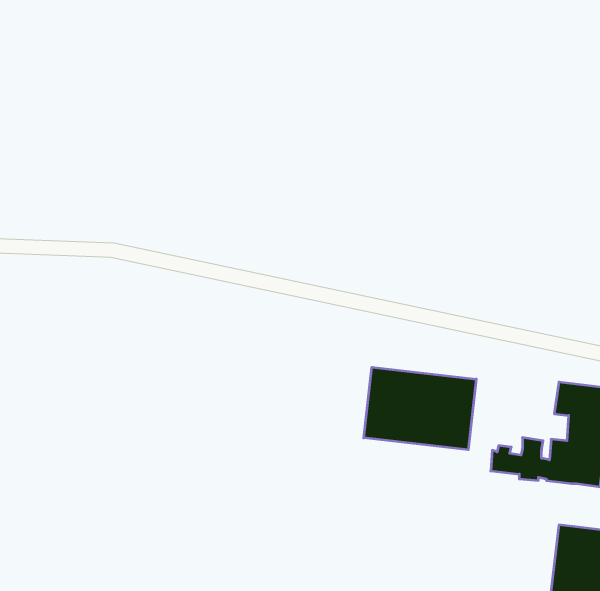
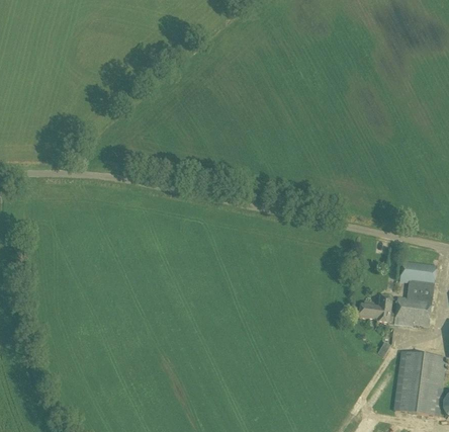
building: [364,367,476,450] -> none

